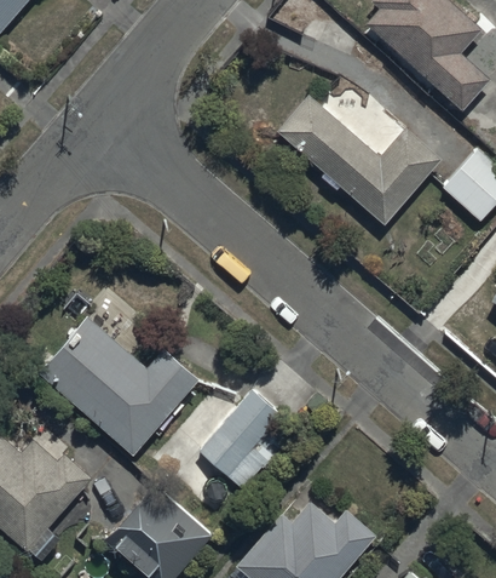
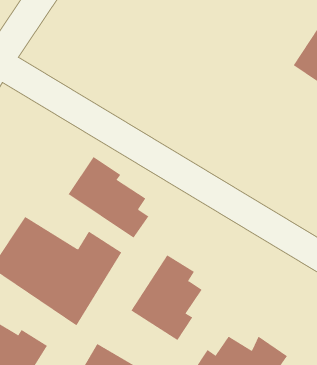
building: [277,93,440,224] -> none
building: none -> [68,156,149,239]

